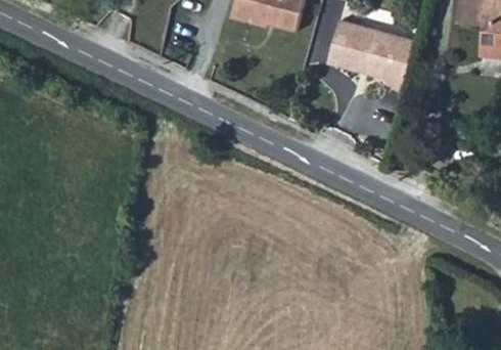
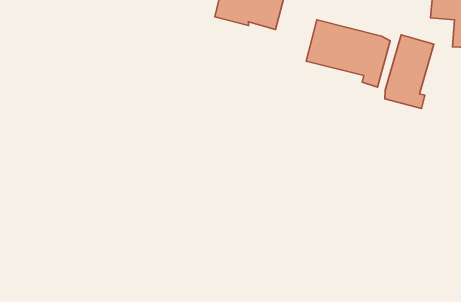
building: none -> [385,35,434,109]

